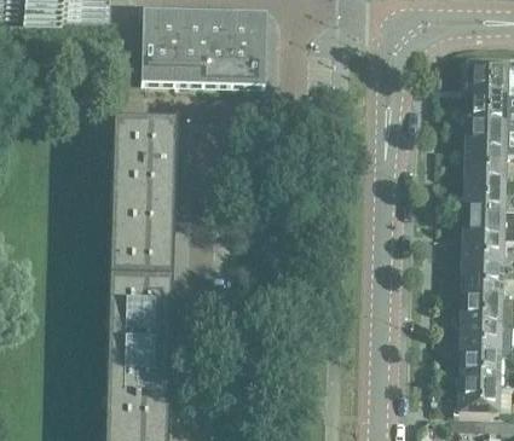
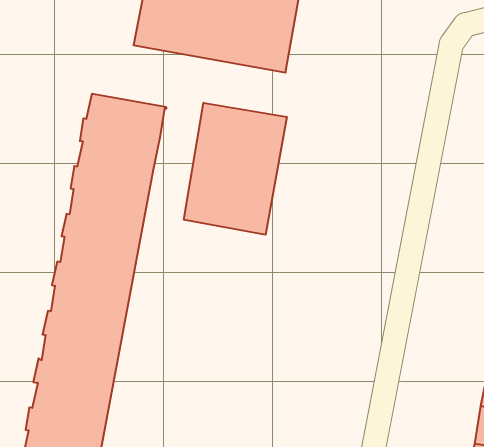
building: none -> [184,103,287,235]

